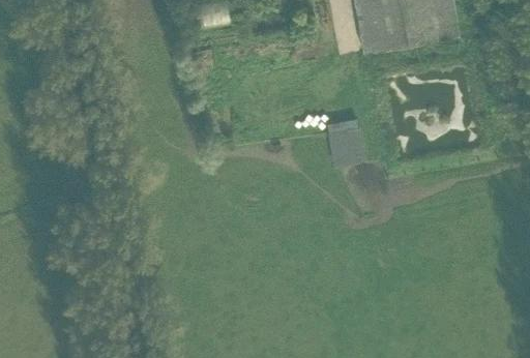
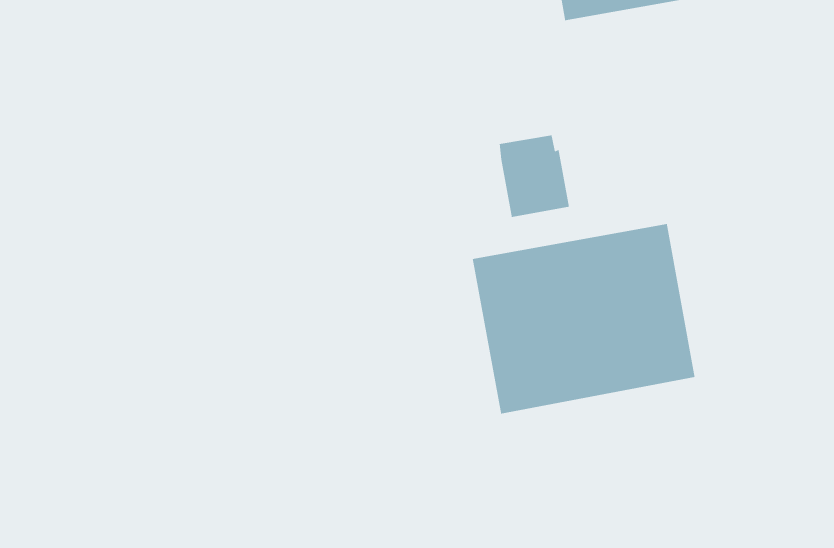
building: none -> [472,223,695,415]

